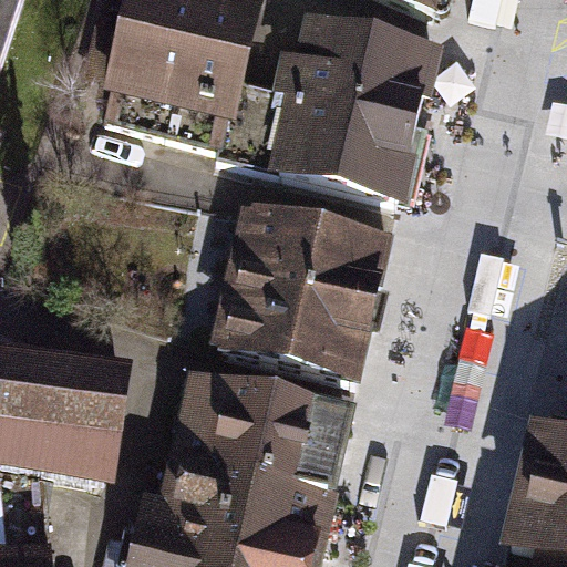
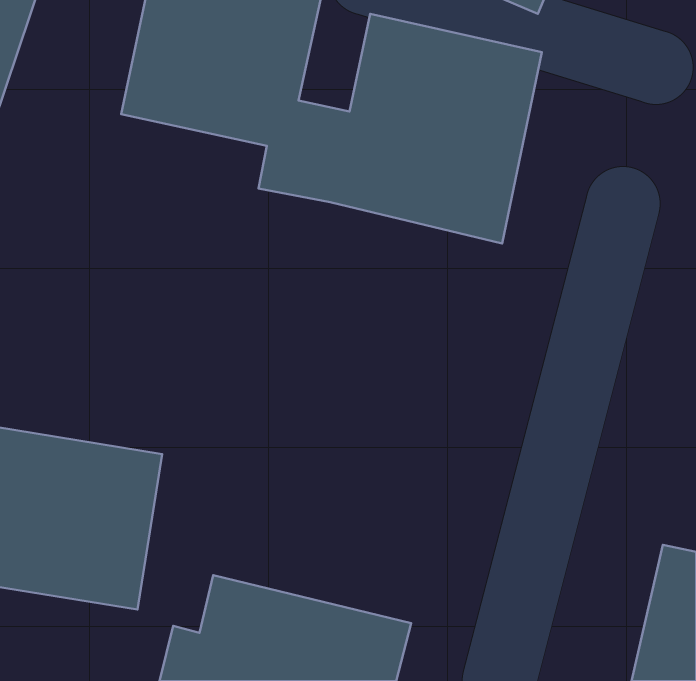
building: [210,206,393,390] -> none
building: [172,381,352,502] -> none

